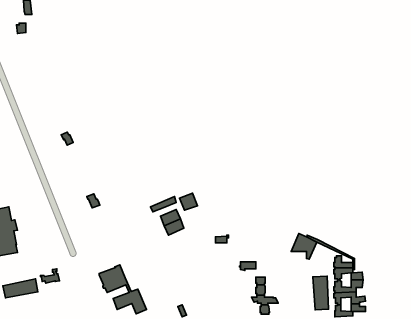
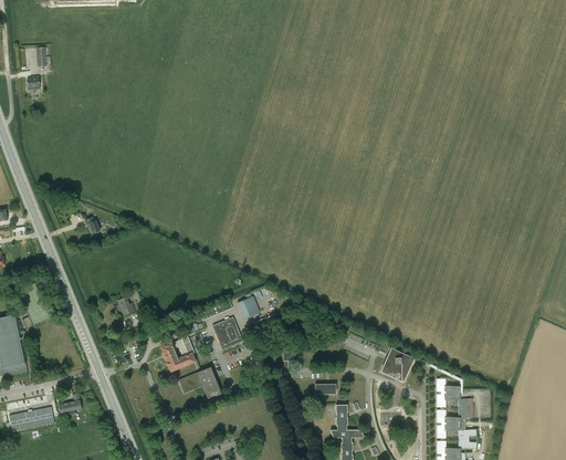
building: [99,265,146,314] -> [160,336,221,399]
building: [313,276,329,310] -> none

